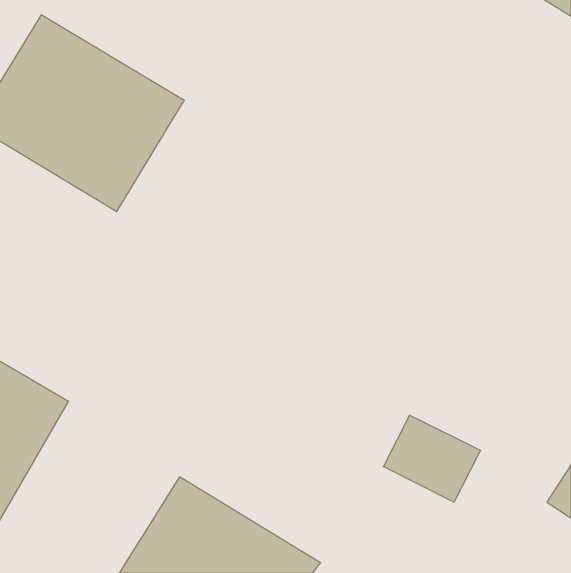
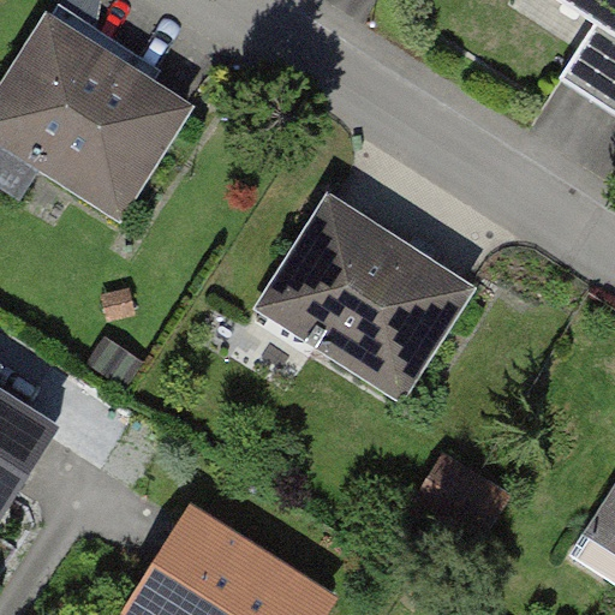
building: none -> [250,193,476,406]

